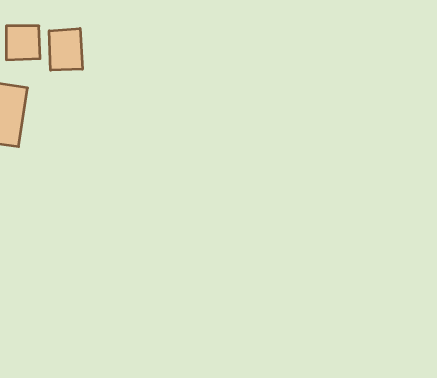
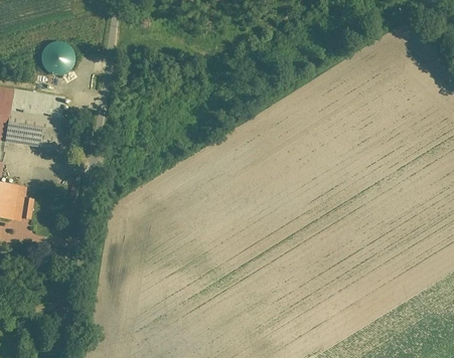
building: [49,28,82,70] -> none

